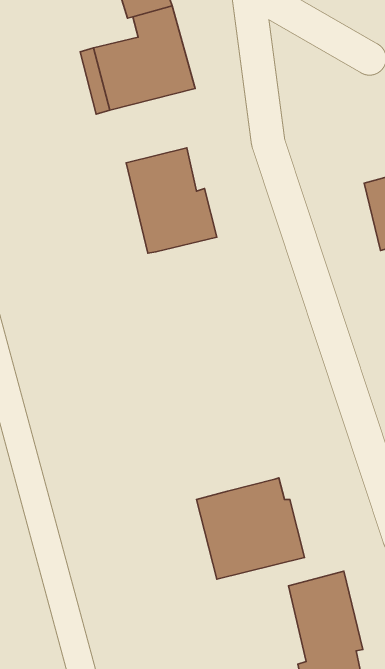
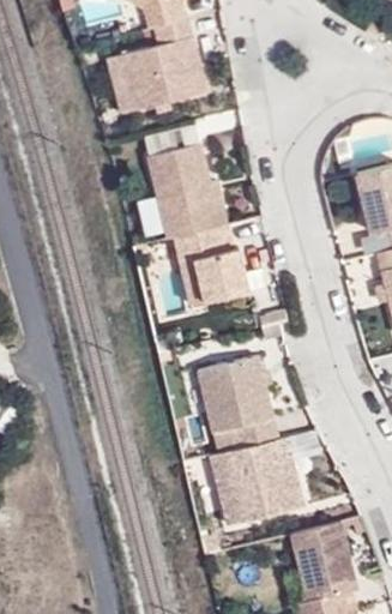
building: none -> [174,224,251,307]
building: none -> [198,357,279,450]

